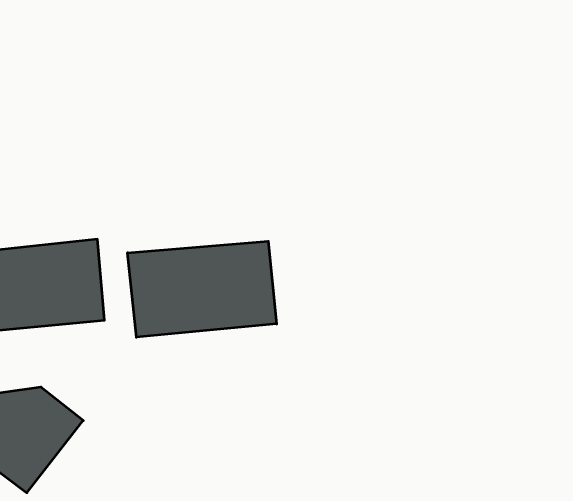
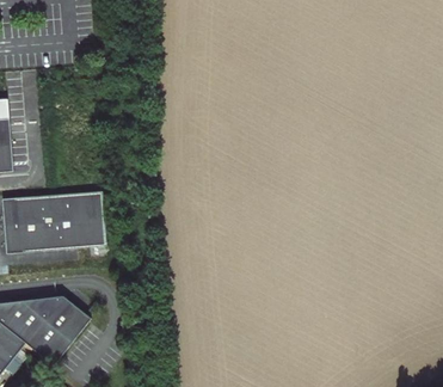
building: [128,241,277,337] -> none

